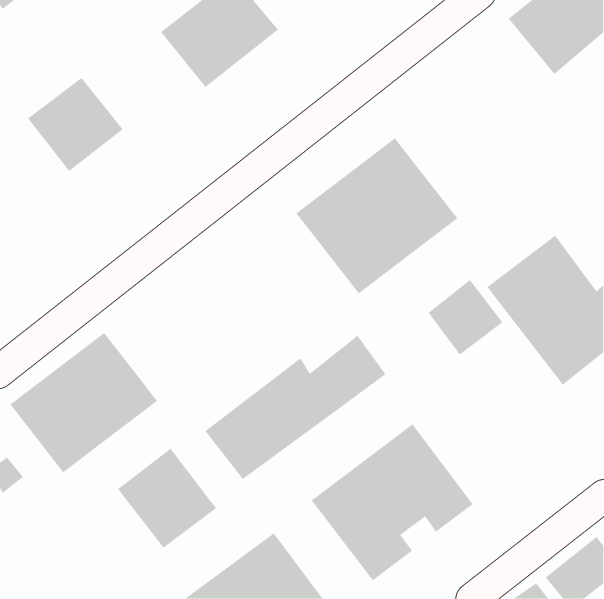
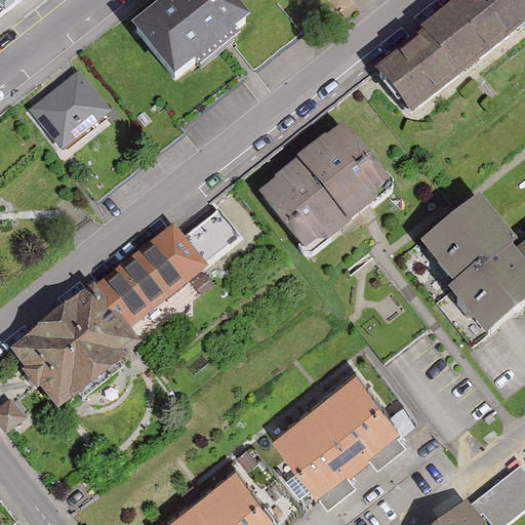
building: none -> [373,16,479,116]
building: [428,279,503,355] -> none
building: [205,335,386,480] -> [90,204,247,329]
building: [117,448,217,548] -> none

